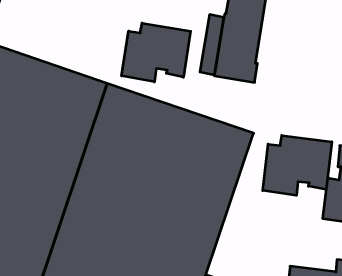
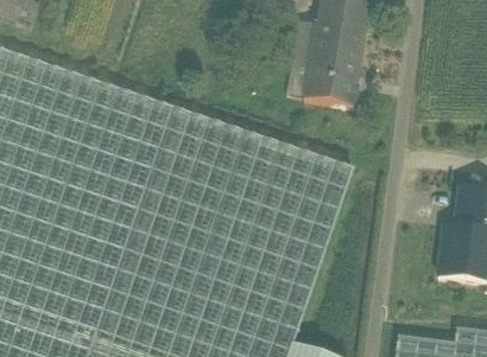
building: [122,23,191,82] -> none
building: [263,135,332,195] -> none

